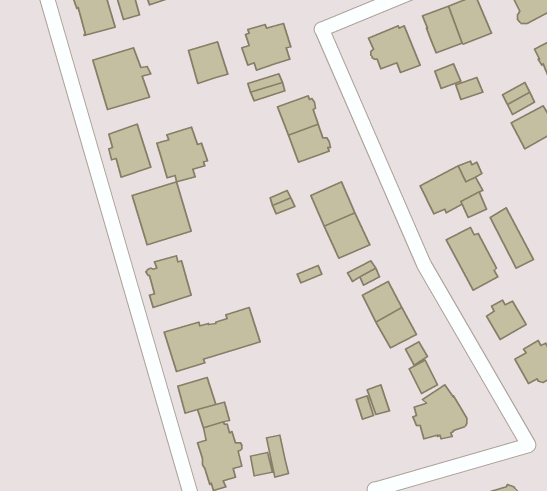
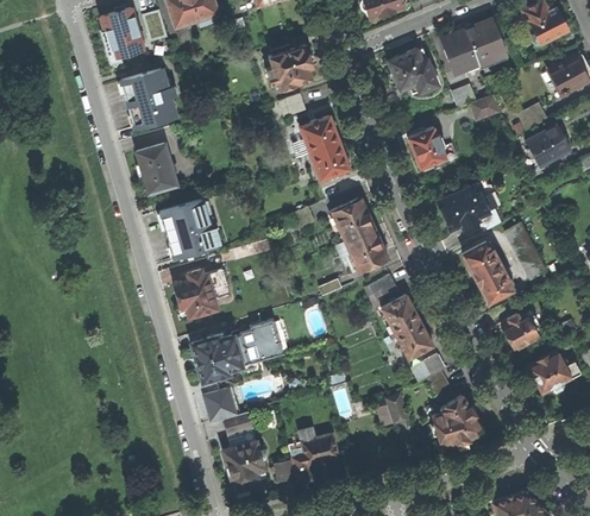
building: [189,42,228,83] -> none
building: none -> [408,127,450,172]
building: [157,127,208,182] -> none
building: none -> [299,428,339,466]

